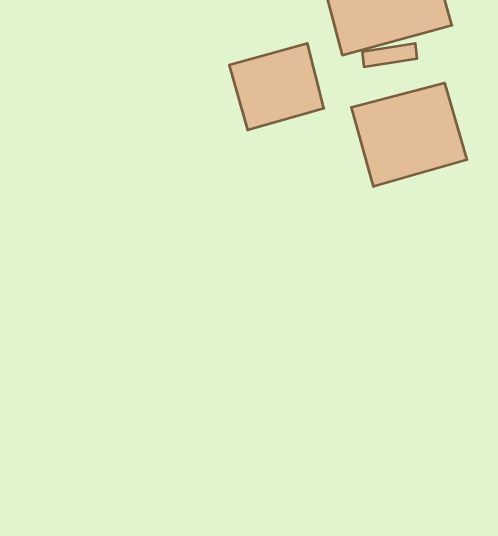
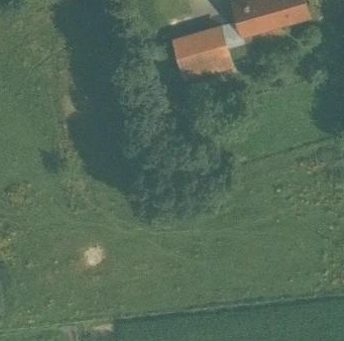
building: [351,83,467,187] -> none

